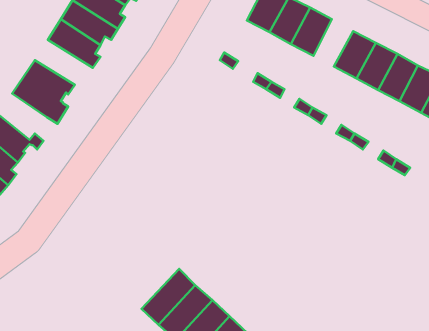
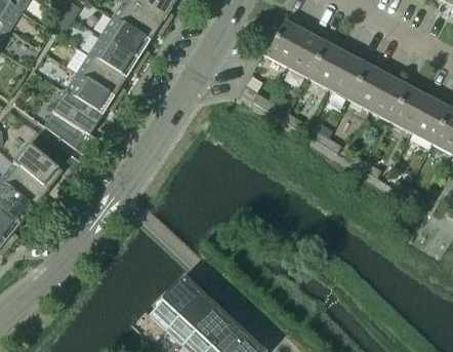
building: none -> [329,52,367,97]
building: none -> [64,72,119,115]
building: none -> [149,274,201,328]

